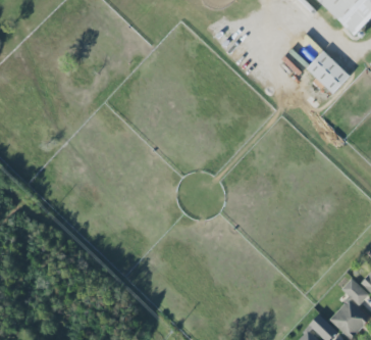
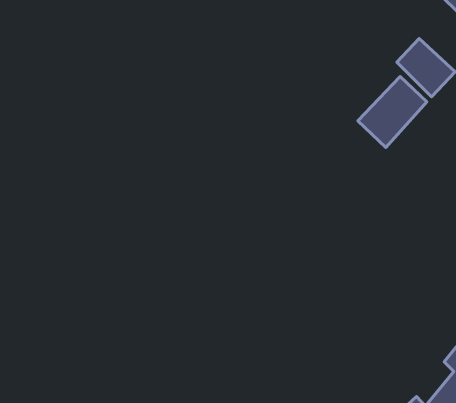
building: none -> [358,77,427,147]

